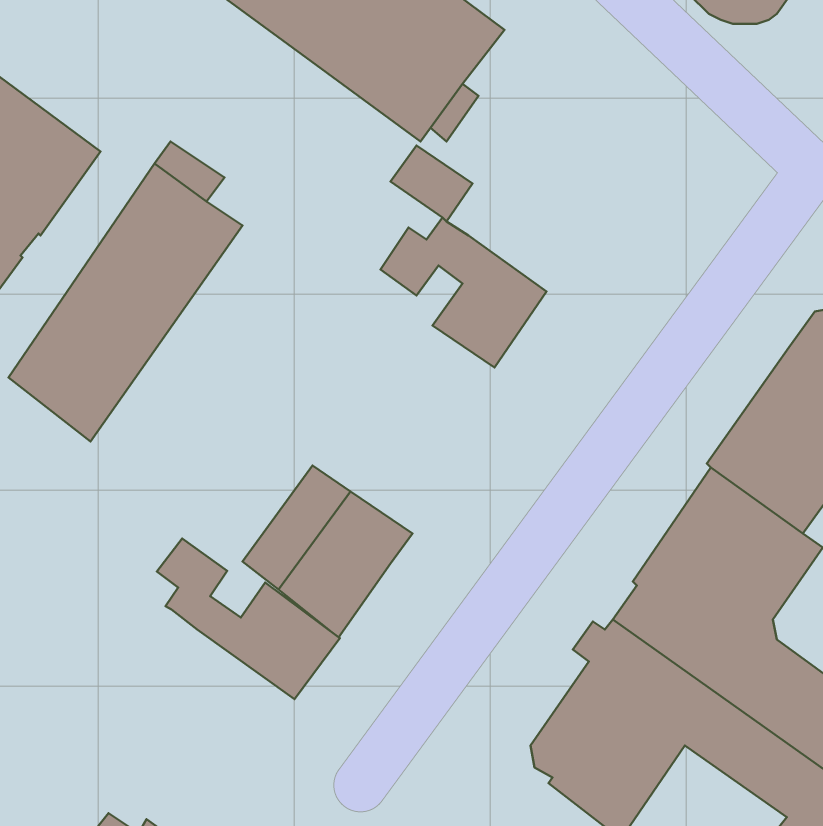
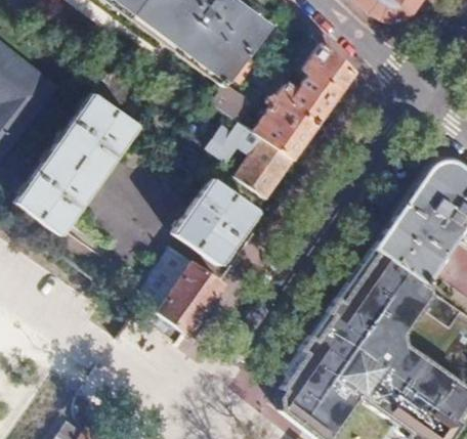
building: none -> [251,41,352,159]
building: none -> [172,178,255,264]
building: [157,539,340,699] -> none

